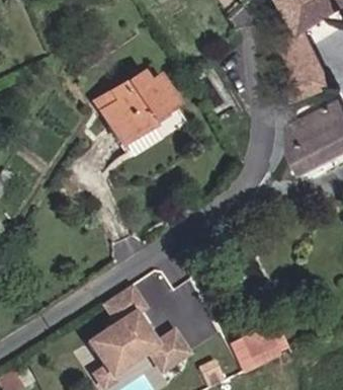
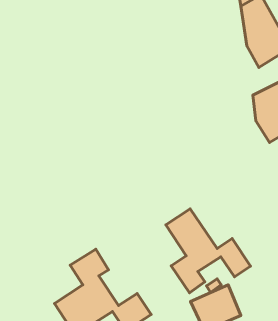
building: [102,79,181,150] -> none
building: none -> [166,209,251,293]

